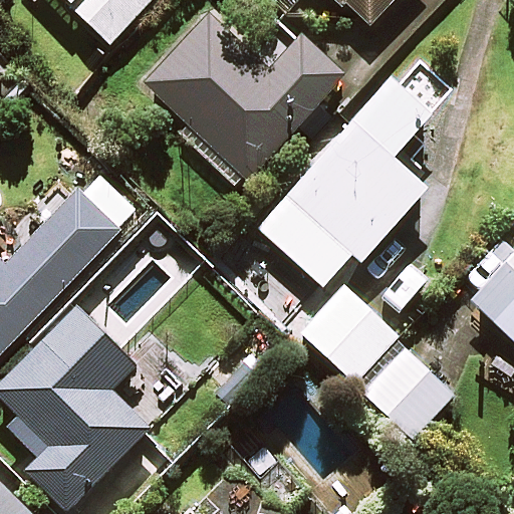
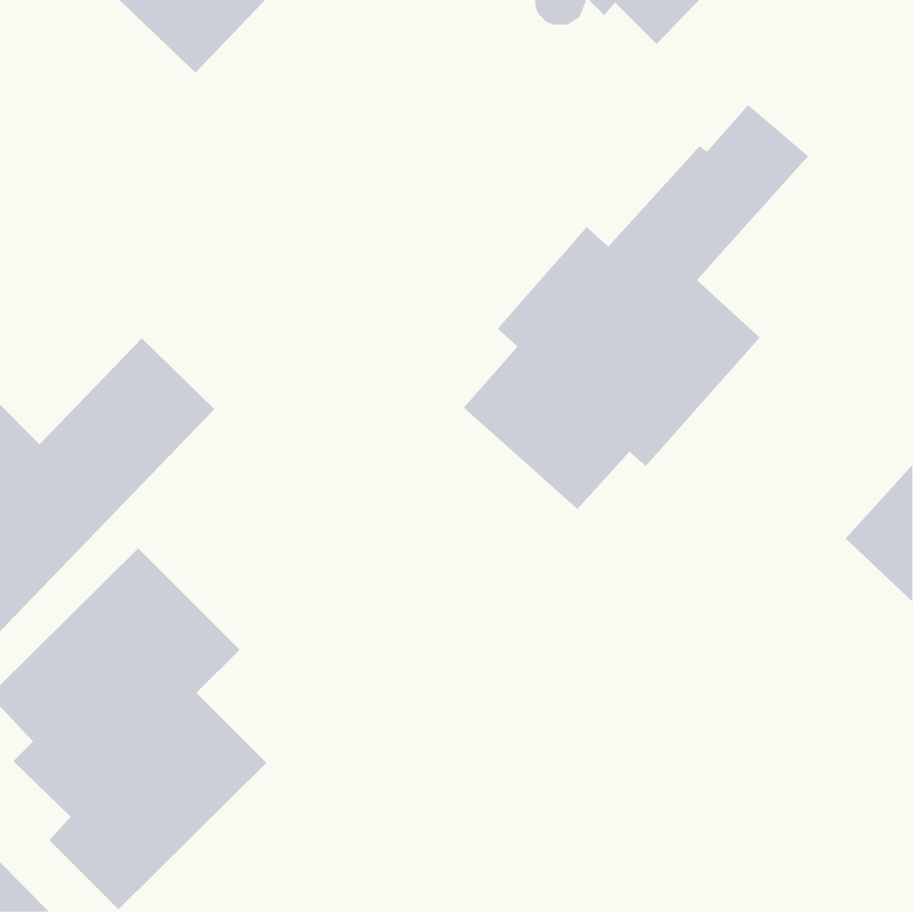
building: [146,15,341,187] -> none
building: [301,286,450,435] -> none

